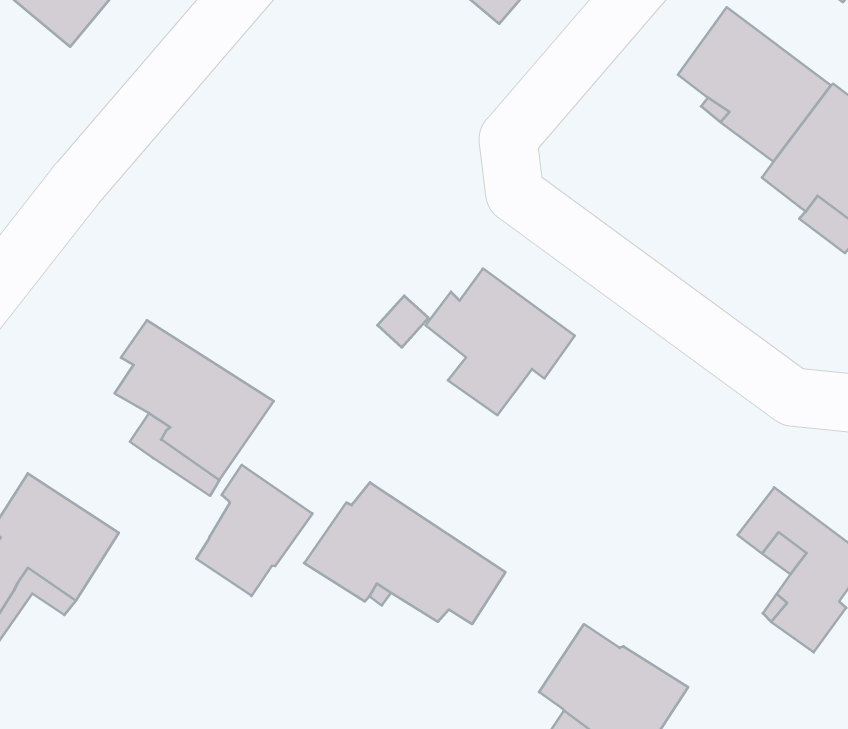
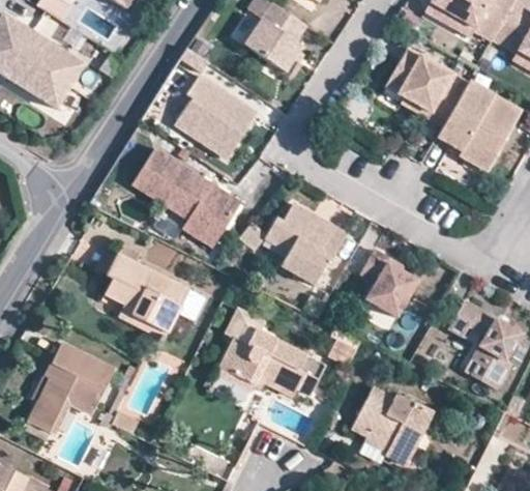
building: none -> [174,74,257,157]
building: none -> [130,145,241,247]
building: none -> [360,248,417,315]
building: [196,465,312,596] -> none

